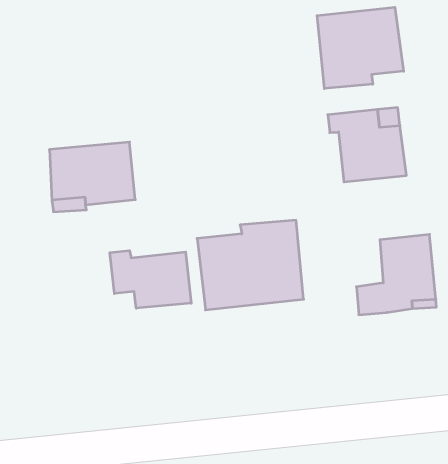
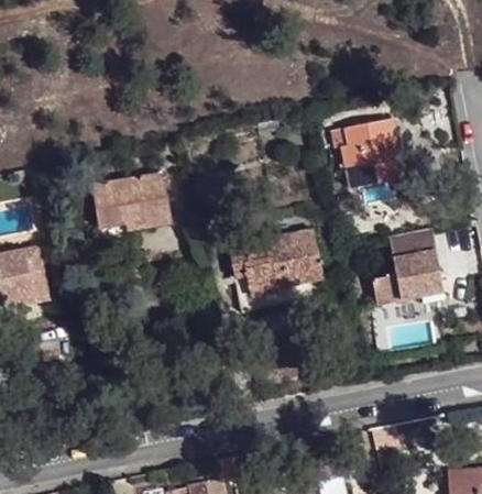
building: [317,7,404,89] -> none
building: [110,251,191,308] -> none

